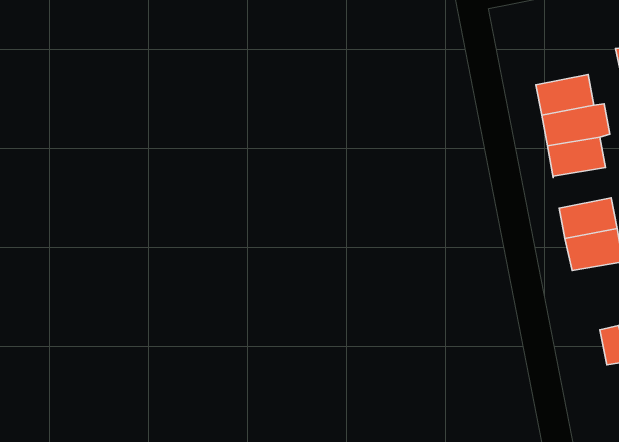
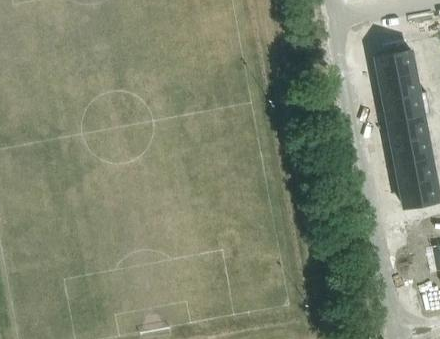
building: none -> [376,50,416,79]
building: none -> [392,136,432,164]

